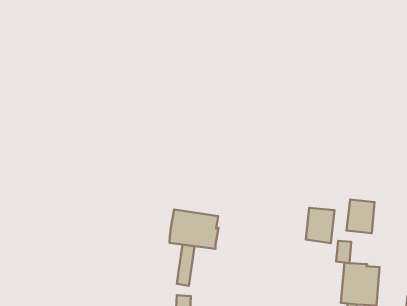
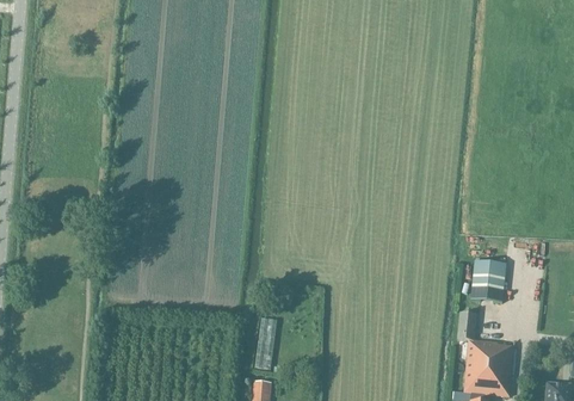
building: [306,208,335,243] -> none
building: [169,210,218,249] -> none

